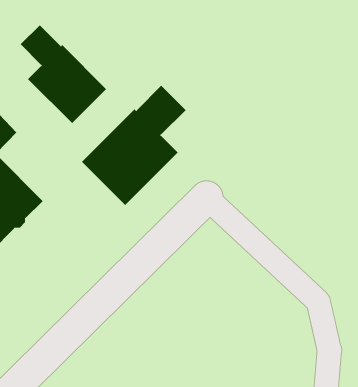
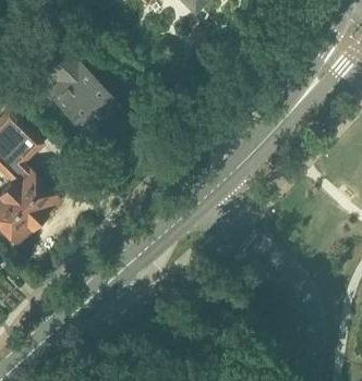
building: [81,85,186,206] -> none

